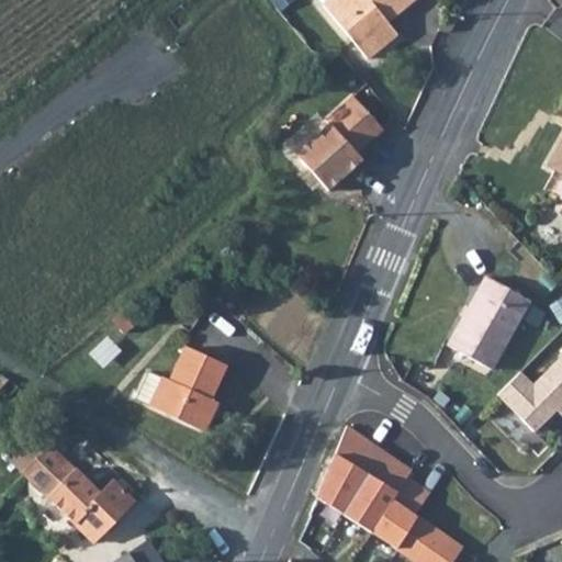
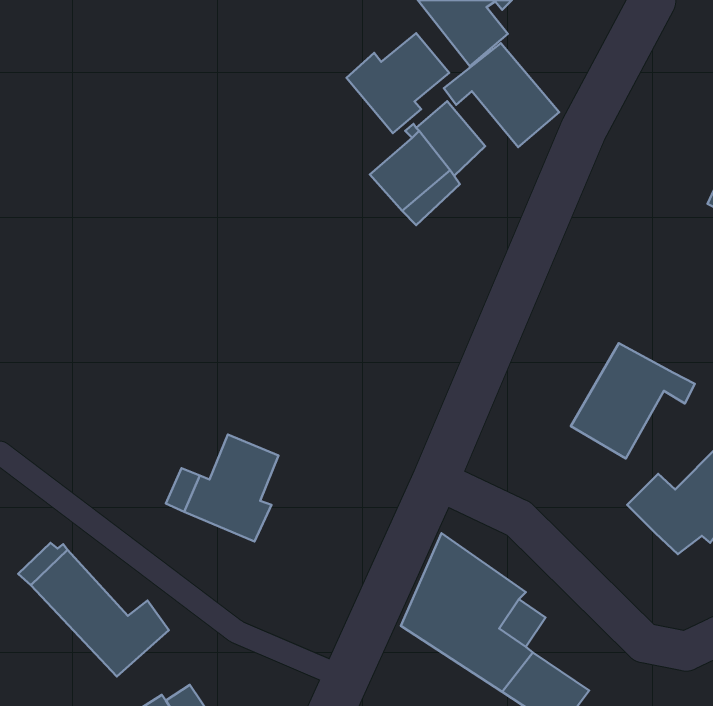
building: none -> [347,33,449,133]
building: none -> [444,43,559,147]

